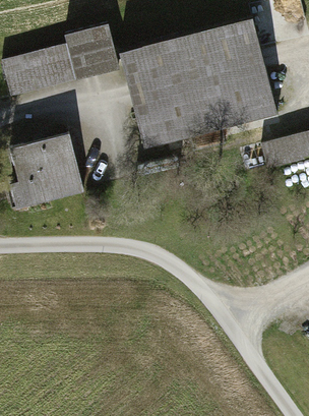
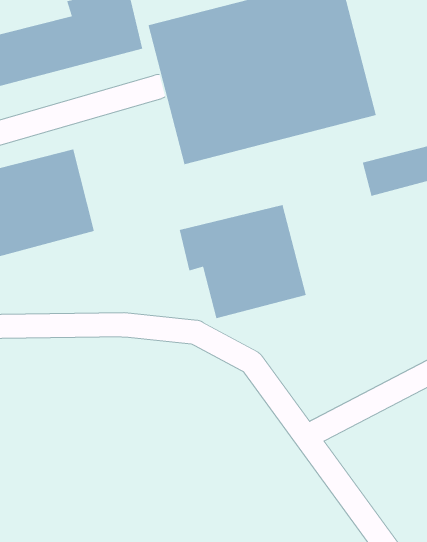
building: none -> [179,204,307,319]

